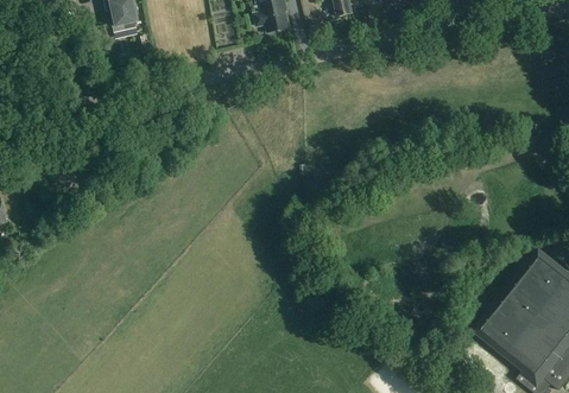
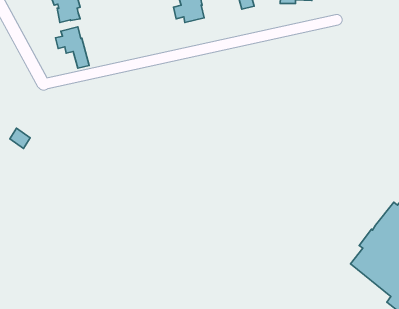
building: none -> [55,27,89,68]

